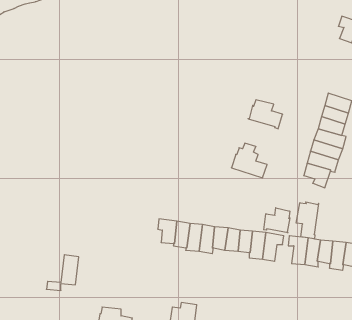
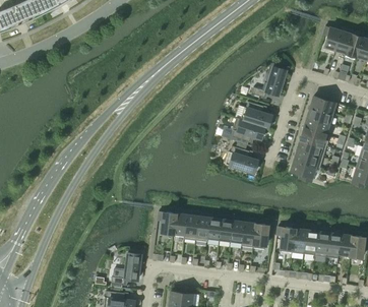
building: none -> [252,63,287,99]
building: none -> [232,118,265,142]
building: [296,202,319,239] -> none
building: [264,208,290,233] -> none
building: [46,255,79,290] -> [112,253,141,286]

